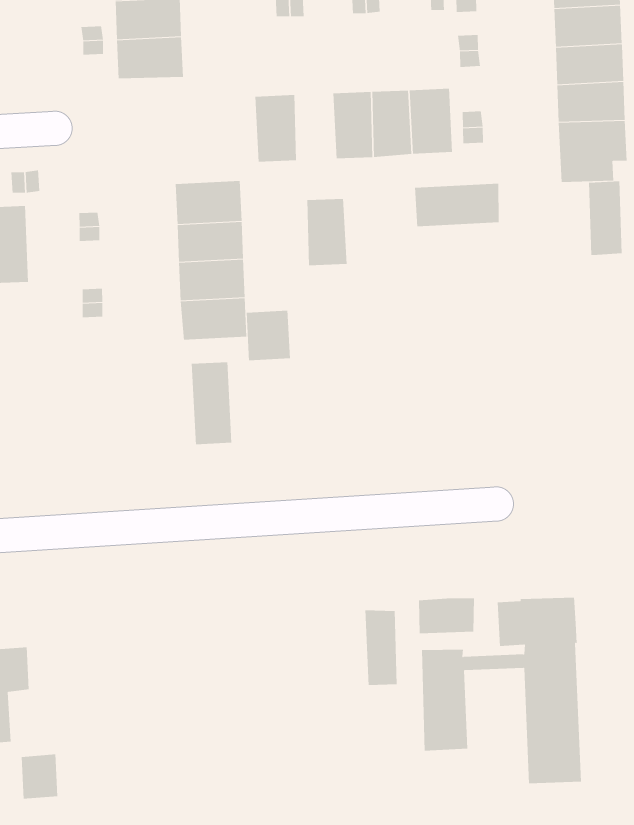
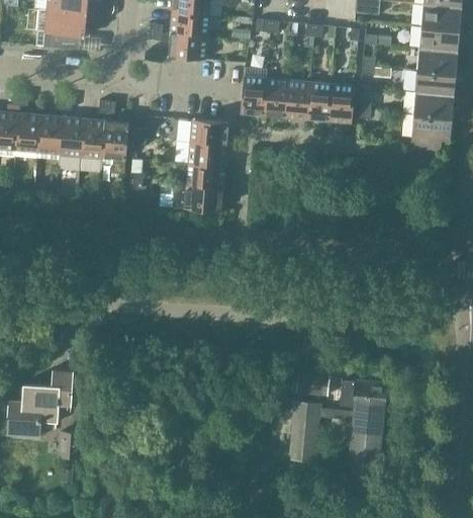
building: [588,180,622,256] -> none
building: [415,183,499,227] -> none
building: [307,198,347,266] -> [262,76,287,115]
building: none -> [101,118,127,176]
building: [246,310,290,361] -> none
building: [191,361,232,445] -> none
building: [365,609,397,686] -> none

